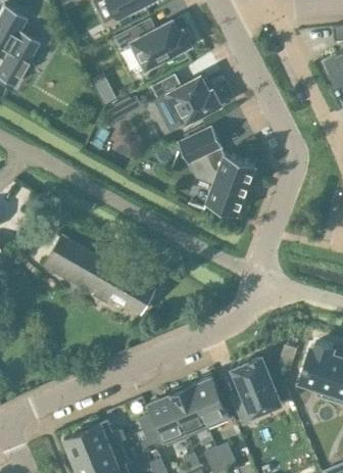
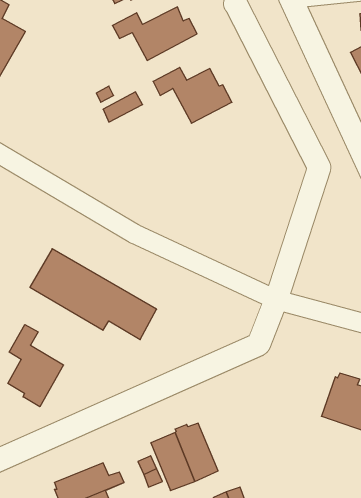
building: [178,129,254,217] -> none
building: none -> [8,325,64,407]
building: [231,358,280,425] -> none
building: [191,378,230,429] -> none

